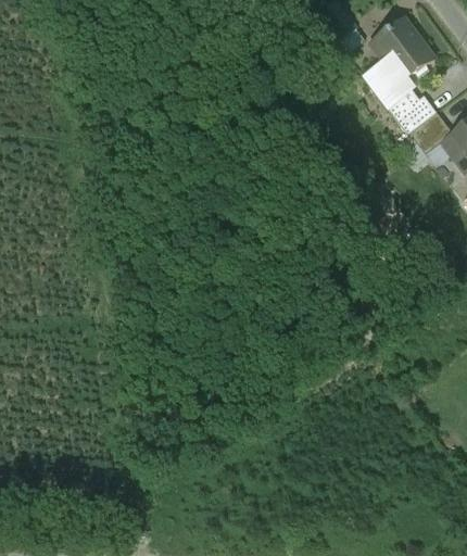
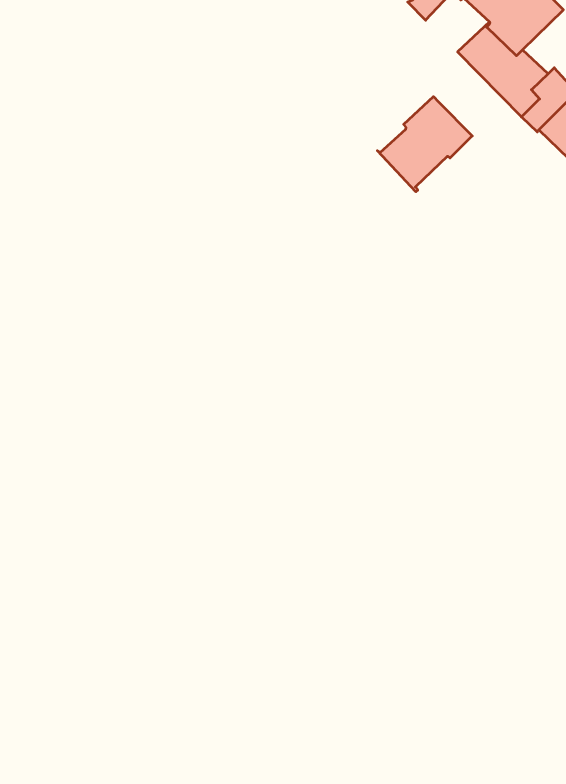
building: none -> [377,97,472,192]

